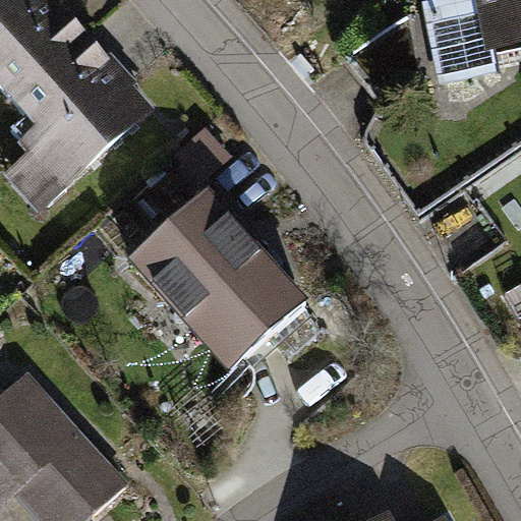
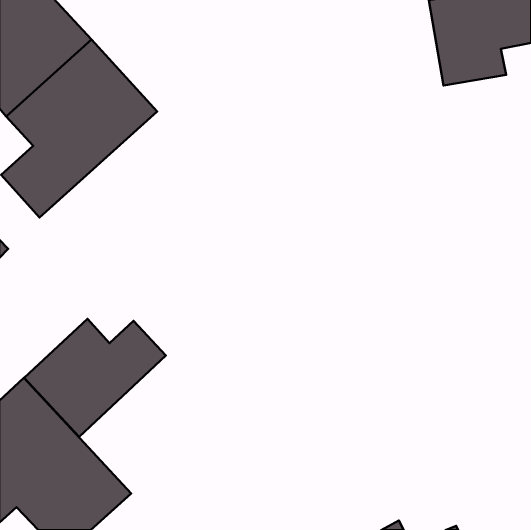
building: [125,185,311,372] -> none
building: none -> [24,319,166,437]

